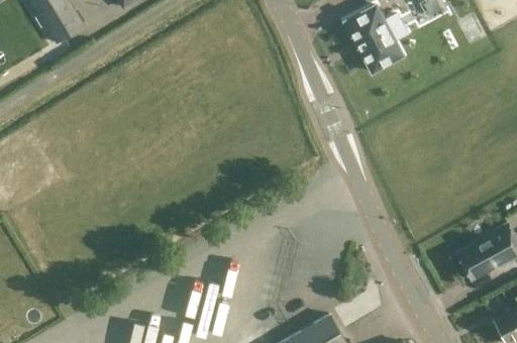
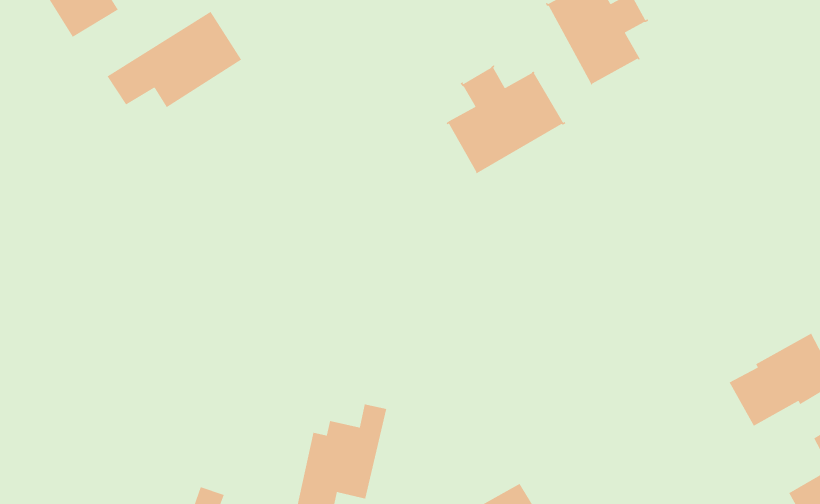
building: none -> [107,11,242,108]
building: none -> [445,64,567,175]

